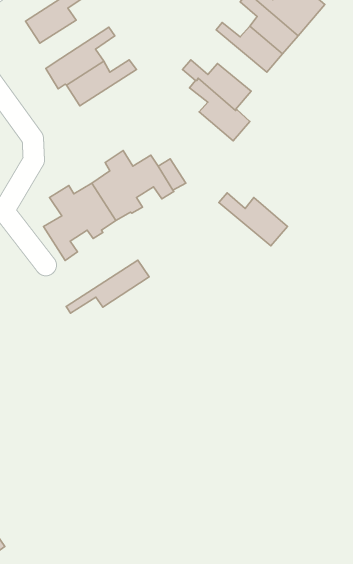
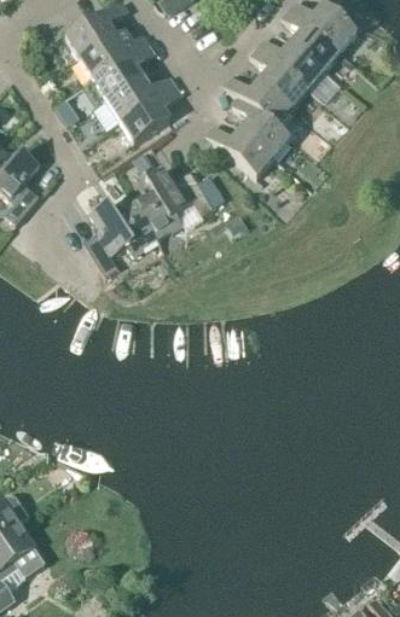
building: none -> [80,28,149,78]
building: none -> [249,45,307,106]
building: none -> [120,85,181,142]
building: [219,193,288,246] -> [204,122,273,175]
building: [66,260,149,313] -> none

